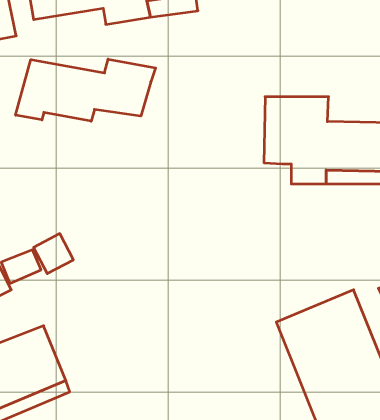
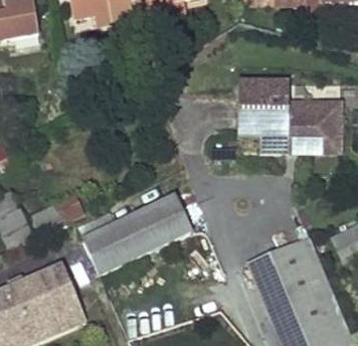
building: [16,59,156,121] -> none
building: none -> [81,192,192,275]

